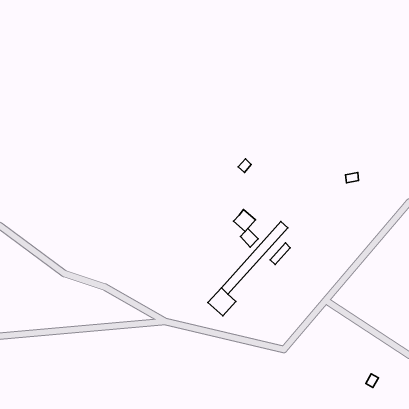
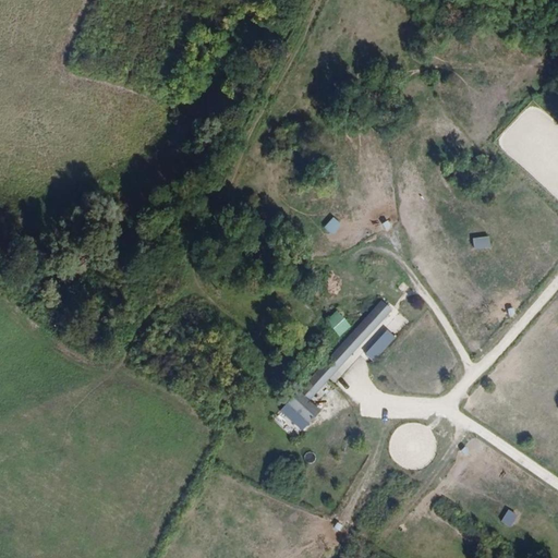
building: [234,210,256,232] -> none

